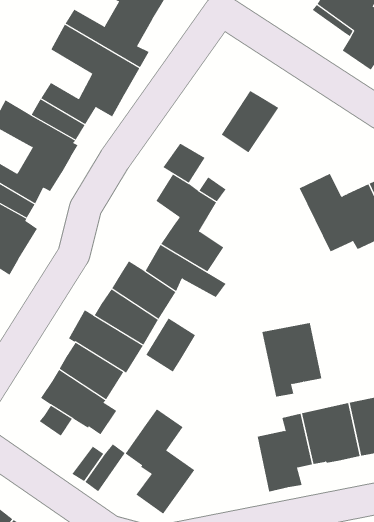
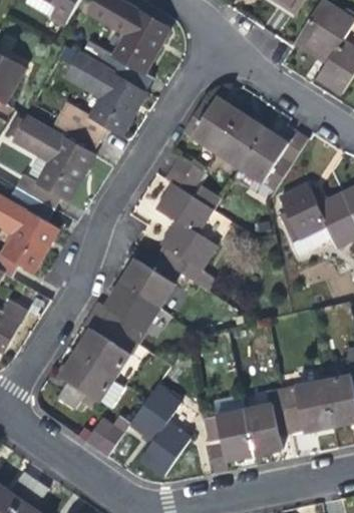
building: none -> [183,96,239,149]
building: none -> [238,126,308,189]
building: [146,317,196,373] -> none
building: [262,323,322,397] -> [203,409,255,473]

